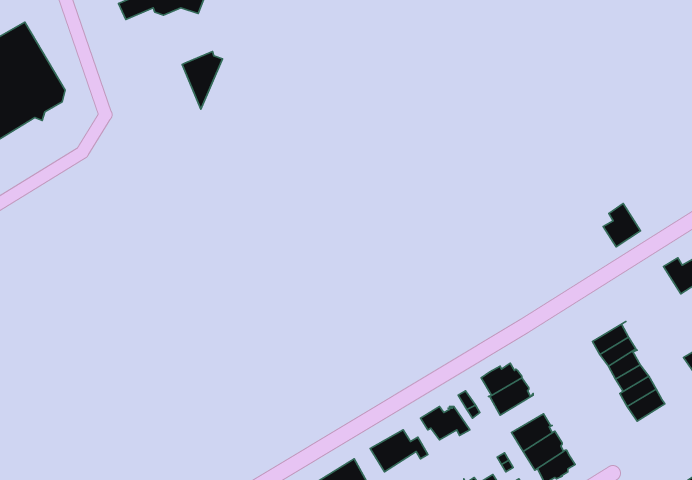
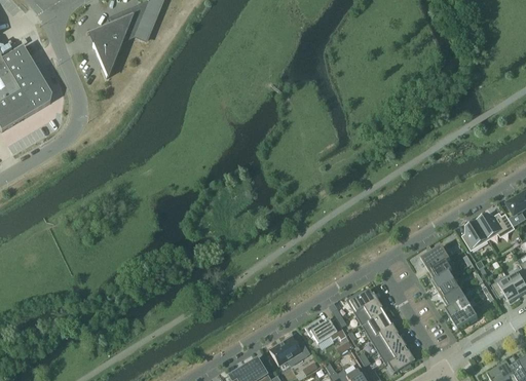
building: [182,51,222,109] -> [92,35,121,76]
building: [603,203,641,247] -> [462,219,489,250]
building: none -> [421,244,450,272]
building: none -> [361,310,392,337]

